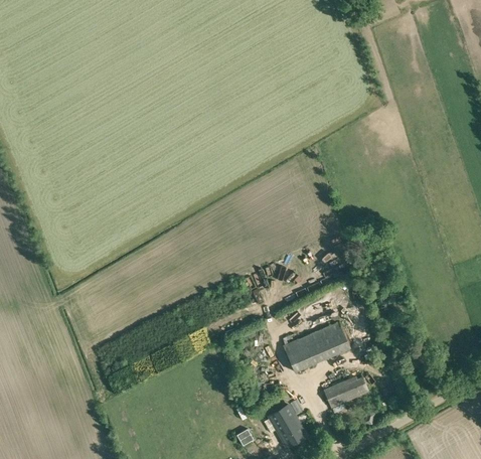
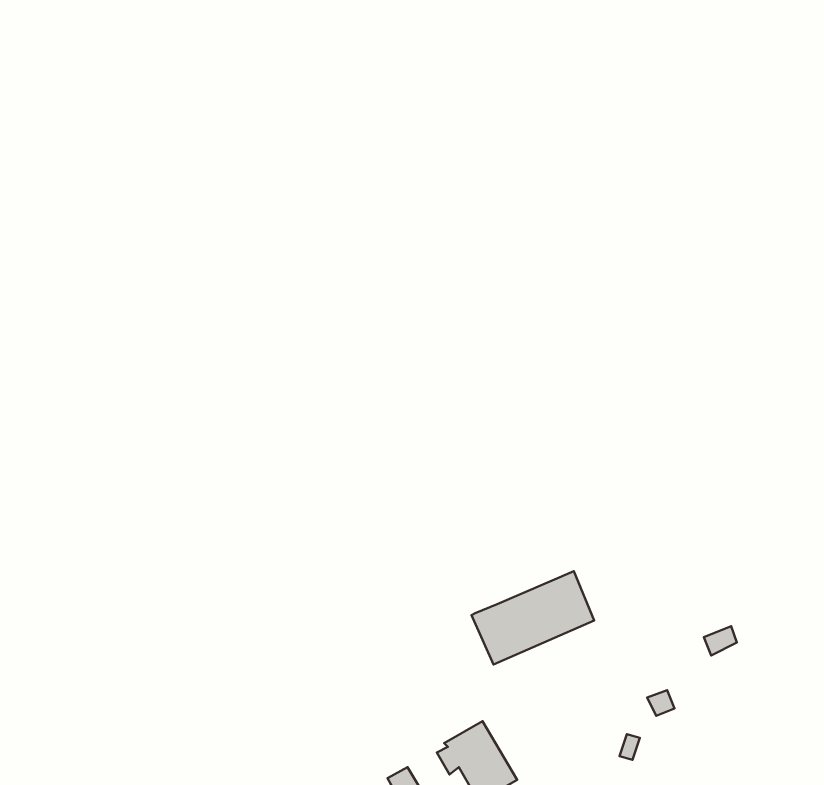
building: [323,373,369,408] -> none

